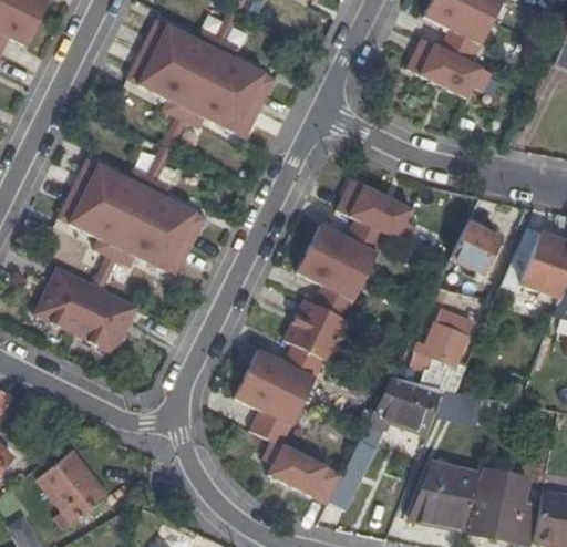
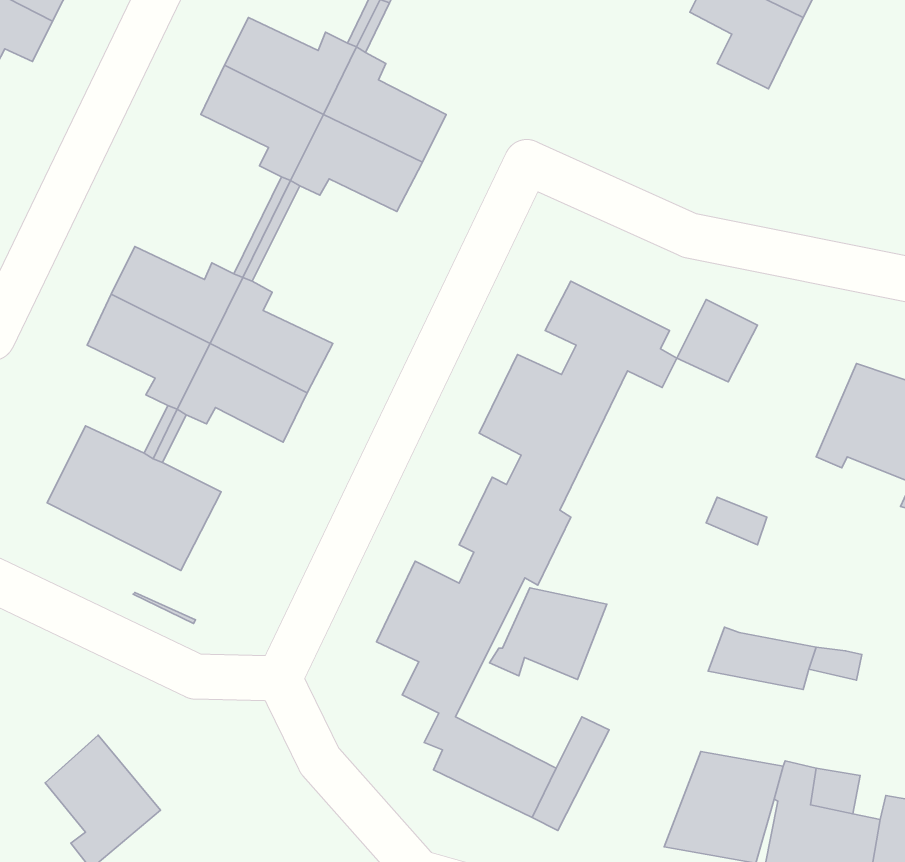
building: [408,37,493,96] -> none
building: [451,223,499,272] -> [677,299,758,382]
building: [411,324,465,369] -> none
building: [369,376,440,432] -> [490,588,607,679]

